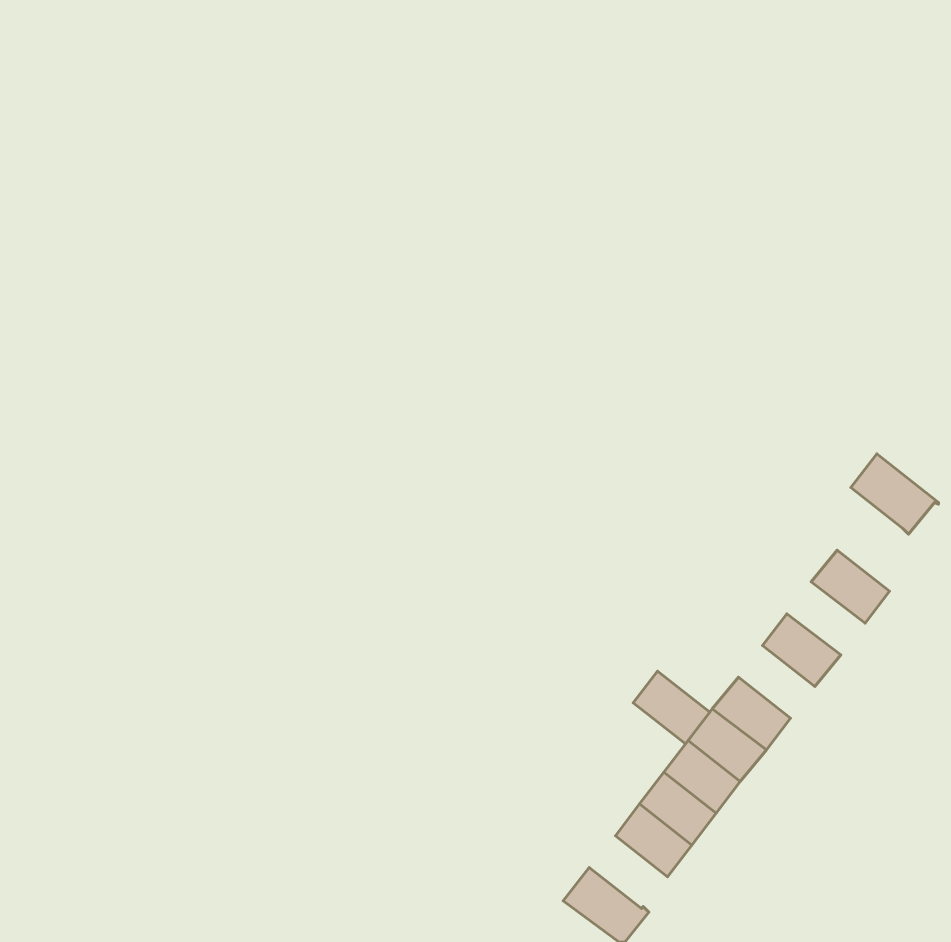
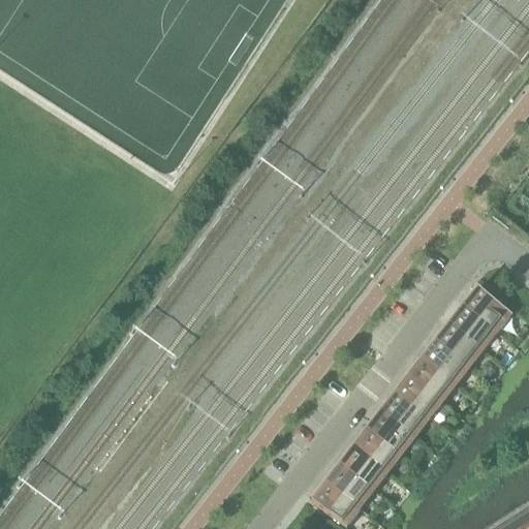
building: [851,454,938,534] -> [464,286,512,331]
building: none -> [436,322,479,363]
building: [633,671,710,744] -> [409,357,452,398]
building: none -> [326,463,370,503]

